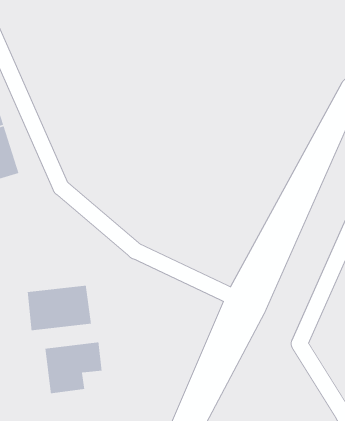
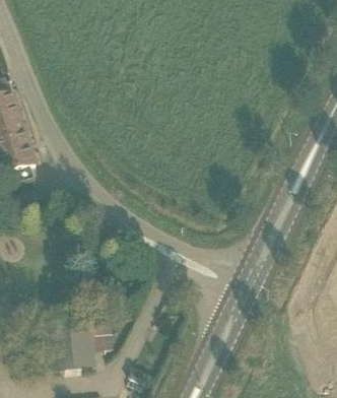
building: [27,285,92,331] -> none

